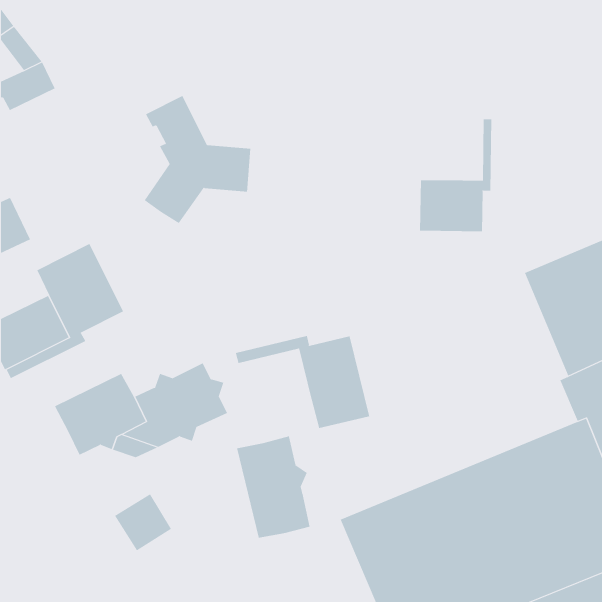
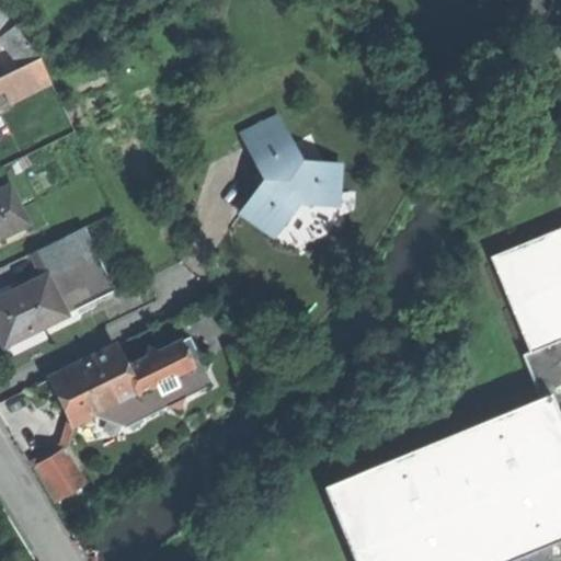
building: [144,95,251,224] -> [242,117,342,237]
building: [419,118,492,232] -> none
building: [235,335,370,429] -> none
building: [237,436,310,538] -> none
building: [114,493,172,551] -> [34,448,88,502]

